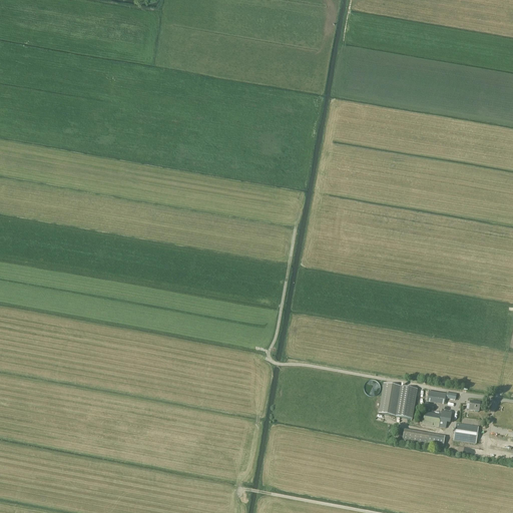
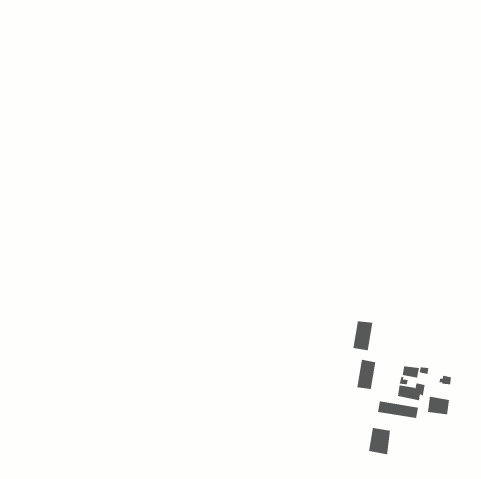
building: [396,385,418,417] -> [352,321,373,351]
building: none -> [369,427,391,455]

